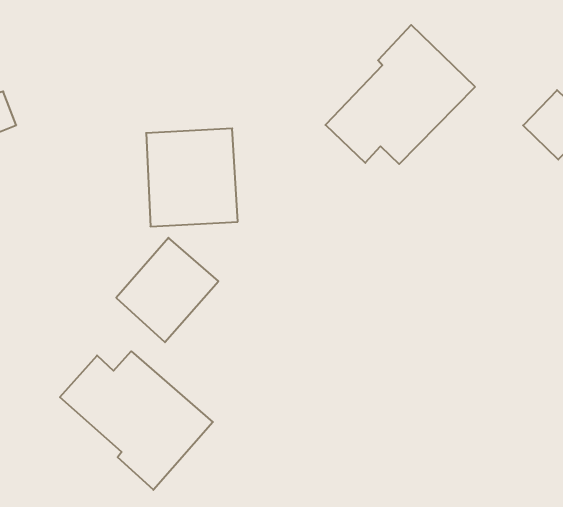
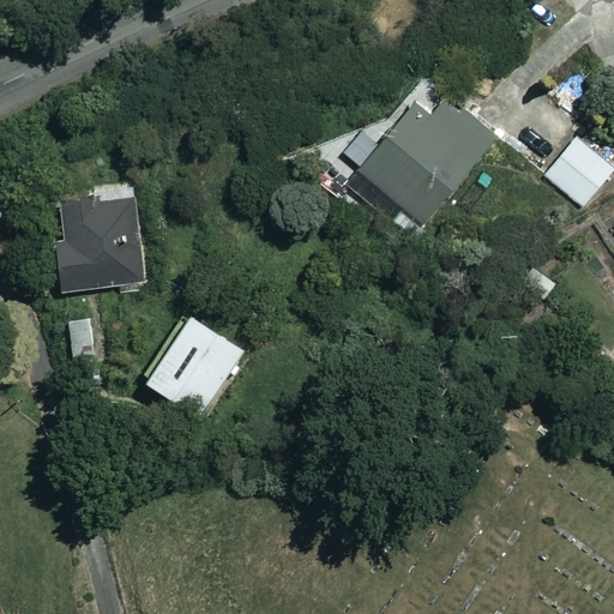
building: [146,128,238,226] -> [52,192,151,297]
building: [60,351,213,490] -> none

